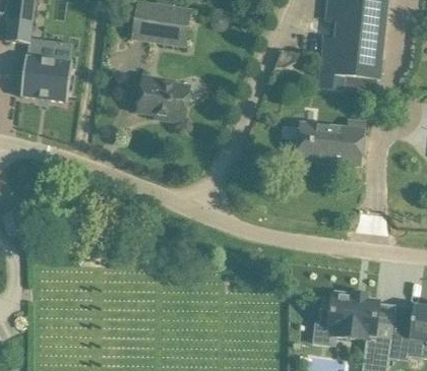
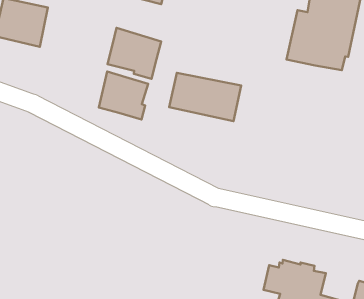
building: none -> [99,71,148,119]
building: [295,121,365,164] -> [169,73,241,121]

